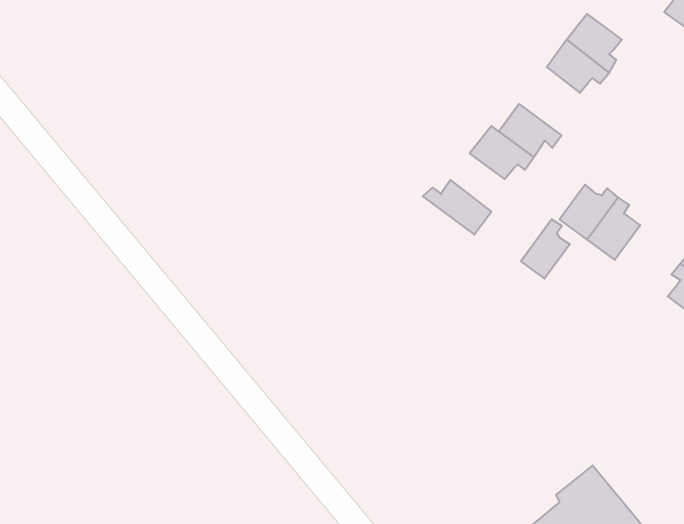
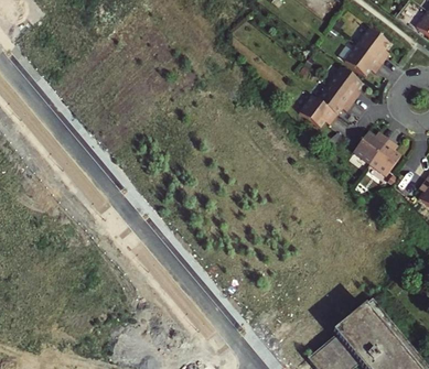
building: none -> [328,65,361,100]
building: [423,180,491,235] -> none
building: [521,219,570,279] -> none

